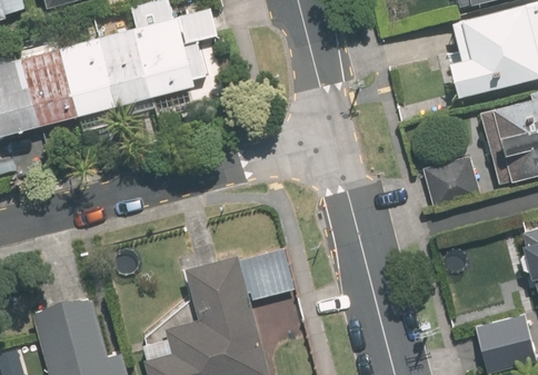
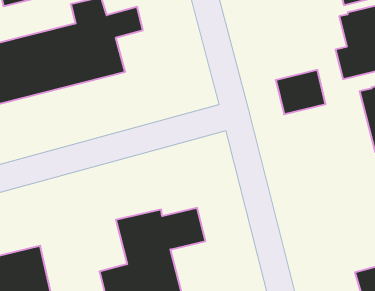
building: [420,155,480,208] -> [276,70,326,114]

